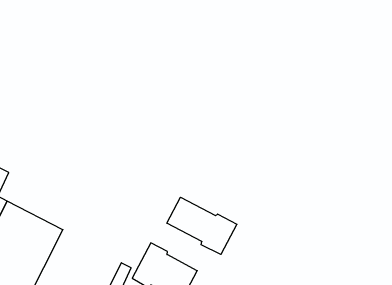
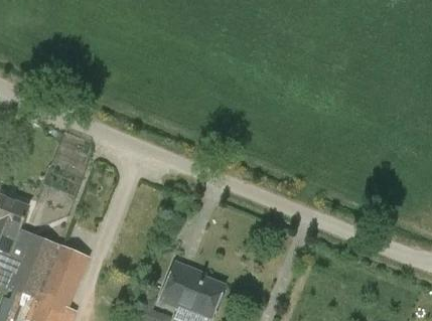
building: [167,197,237,254] -> none

